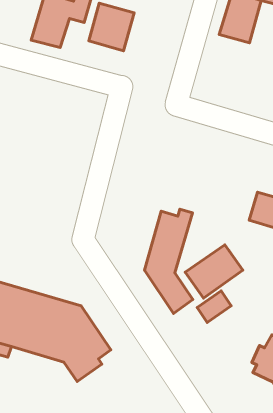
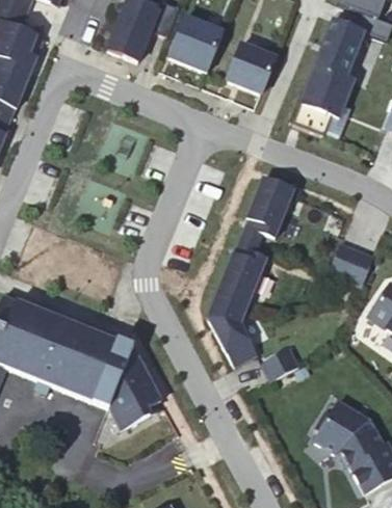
building: none -> [228,43,276,91]
building: none -> [292,63,355,134]
building: none -> [246,176,293,235]
building: [185,245,243,298] -> none

